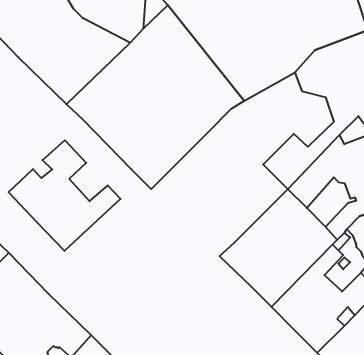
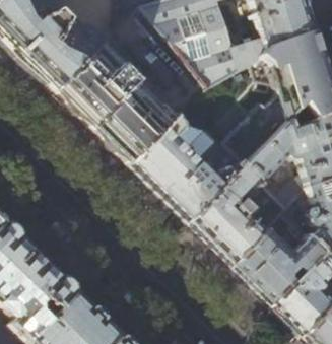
building: none -> [132,116,250,222]
building: [9,140,121,251] -> none

